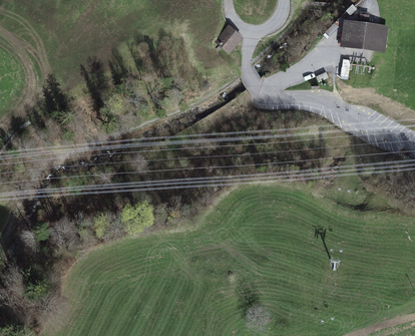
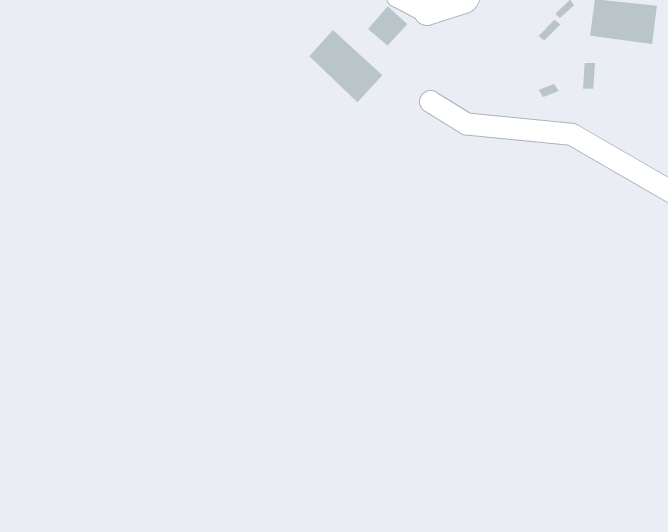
building: none -> [309,29,383,103]

